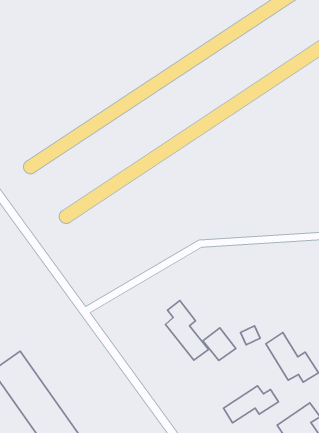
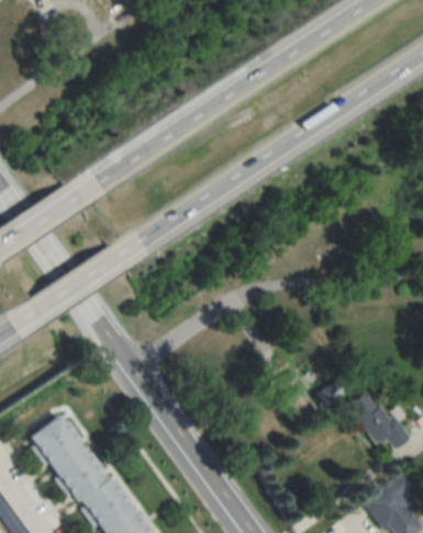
building: [166,301,208,360] -> none
building: [224,386,279,423] -> none

